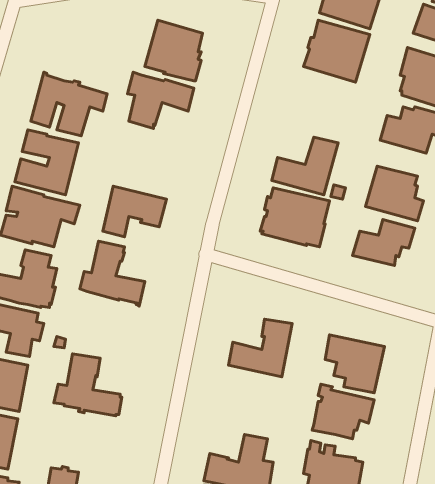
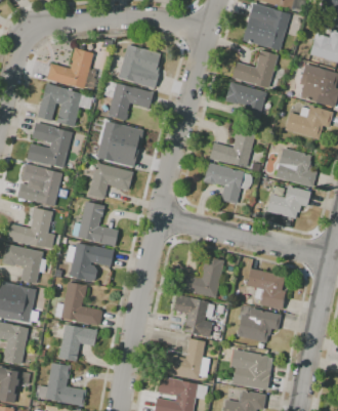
building: none -> [47,46,96,89]
building: none -> [225,82,266,123]
building: none -> [97,120,143,166]
building: none -> [66,243,114,282]
building: none -> [173,292,215,336]
building: none -> [55,323,97,361]

